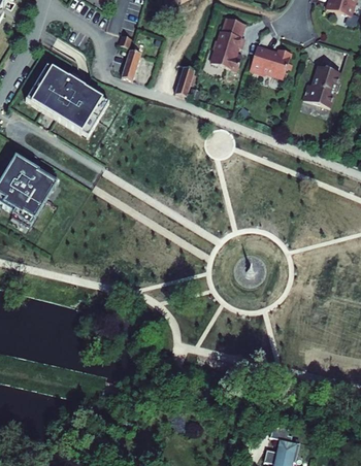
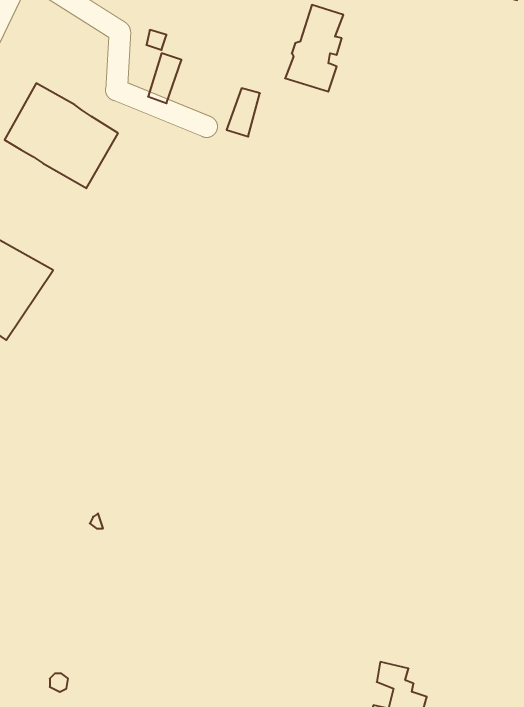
building: [247,45,289,77] -> none
building: [300,62,339,104] -> none

